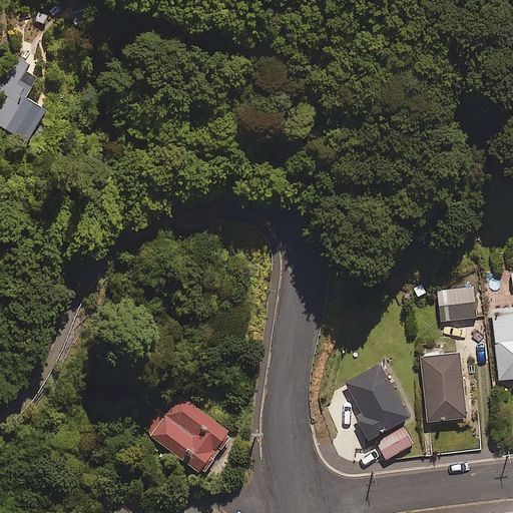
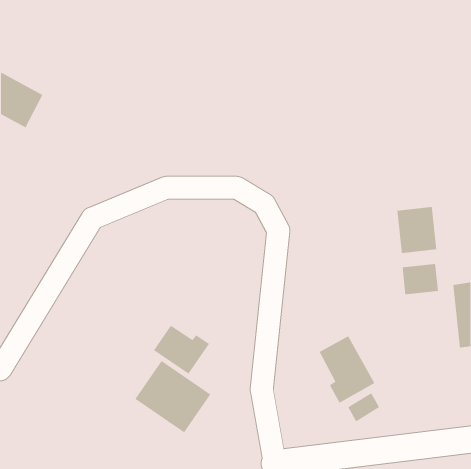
building: none -> [397,206,437,254]
building: [421,340,467,422] -> none
building: none -> [153,325,210,374]

